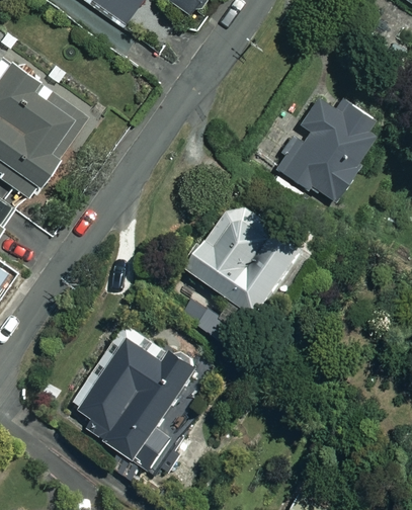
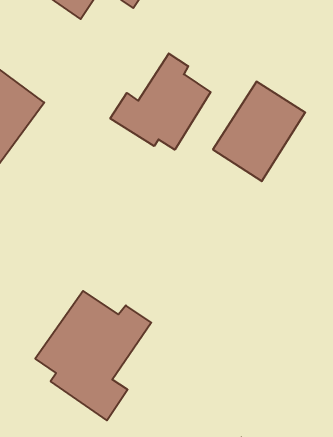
building: none -> [110,53,211,150]
building: [187,200,308,322] -> none

